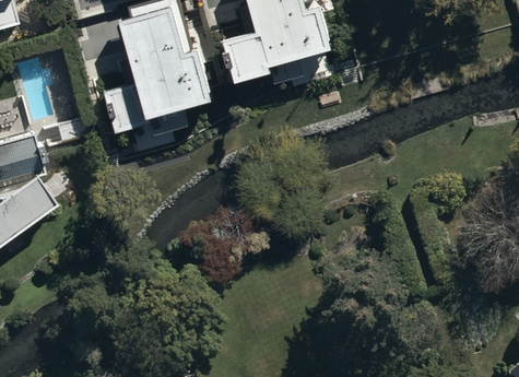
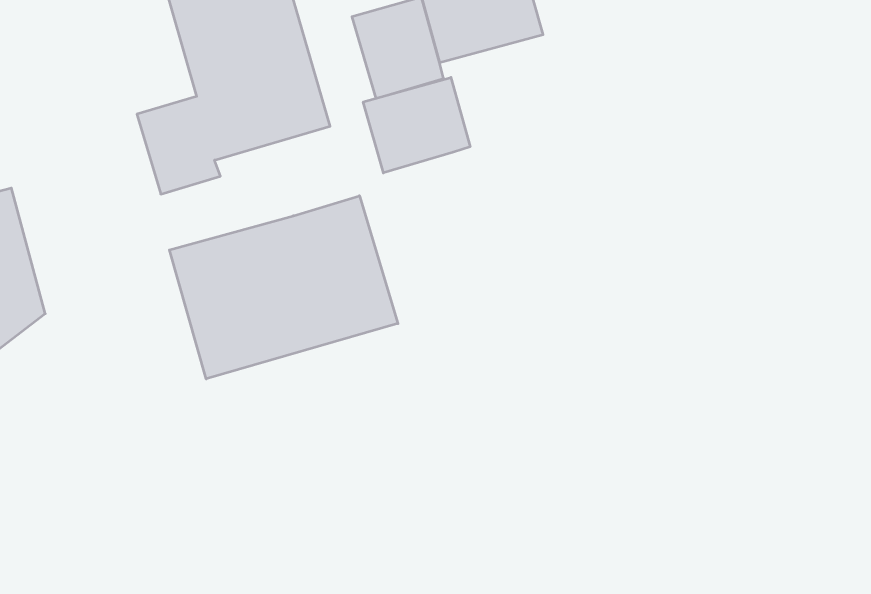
building: none -> [363,77,470,173]
building: none -> [169,196,398,379]

